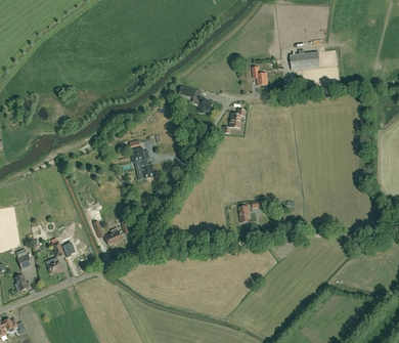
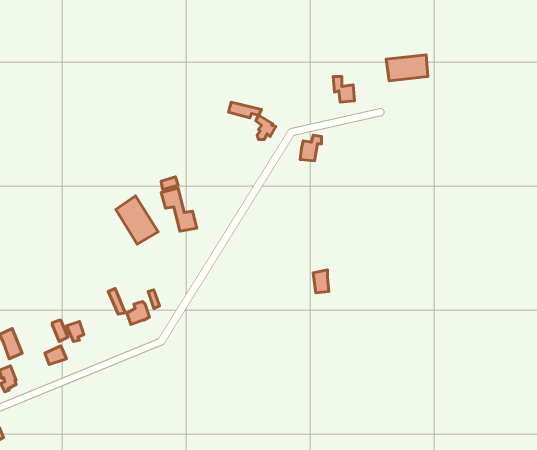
building: none -> [116,196,158,244]

